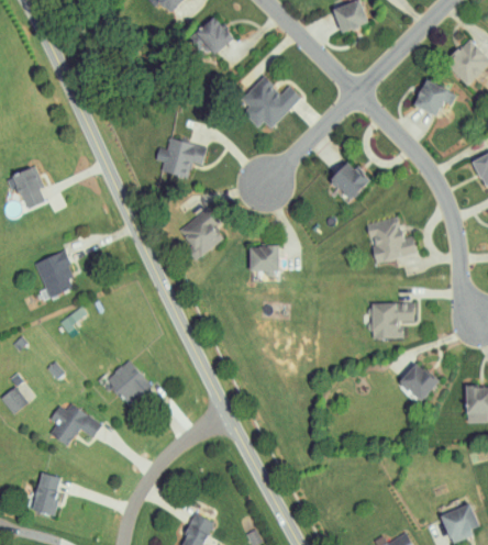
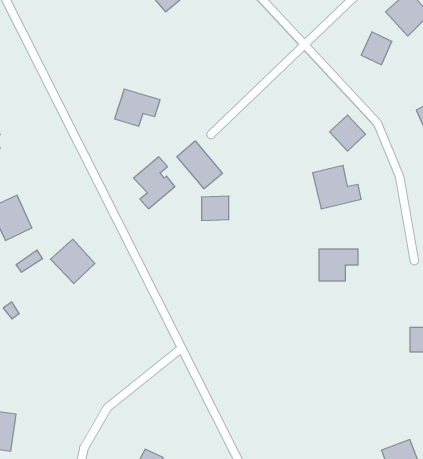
building: [243,79,303,130] -> none
building: [332,165,369,202] -> [330,115,366,151]
building: none -> [177,141,222,189]
building: [103,358,149,404] -> [50,239,95,284]
building: [402,364,440,400] -> none
building: [48,403,100,445] -> none

